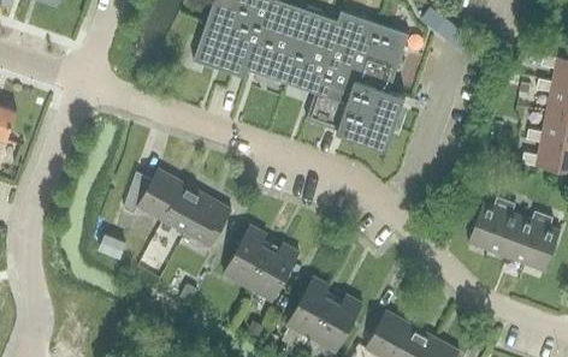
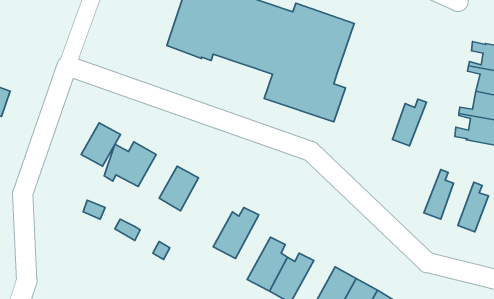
building: [162,184,207,233] -> [81,123,120,166]
building: [468,197,507,250] -> [393,99,426,146]
building: [507,212,544,264] -> none
building: [224,226,270,288] -> none

